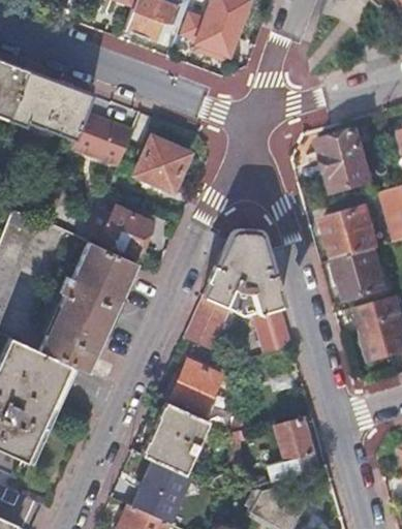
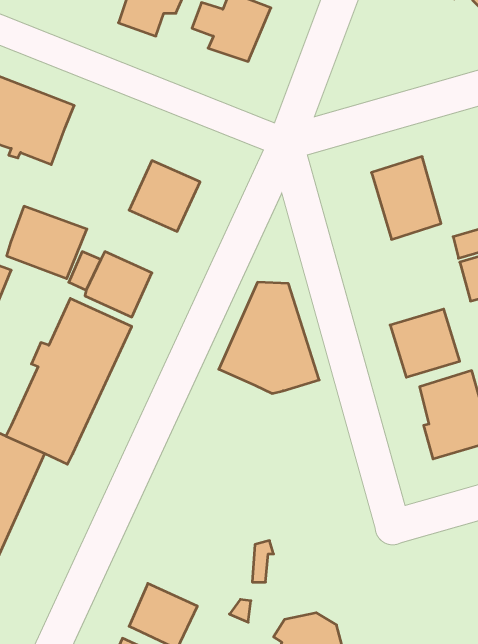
building: [69,110,131,165] -> [7,206,87,279]
building: [322,210,379,261] -> none
building: [183,295,229,349] -> none
building: [251,304,290,349] -> none
building: [168,359,219,413] -> none
building: [141,401,206,472] -> none
building: [267,417,313,478] -> none

